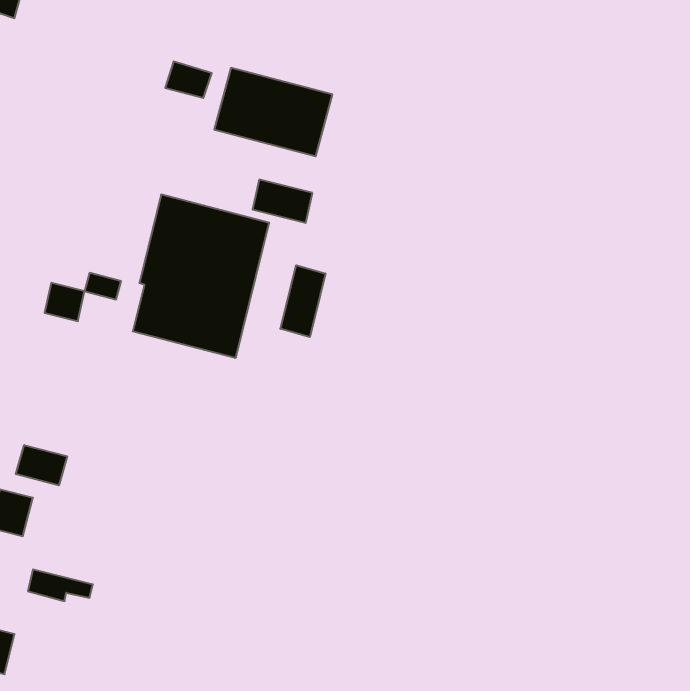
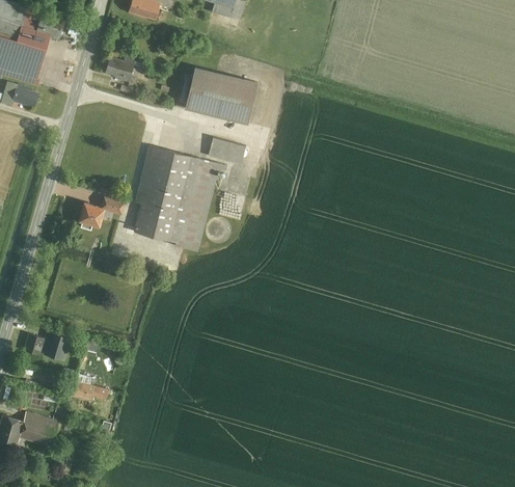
building: [165,61,212,98] -> [105,57,134,80]
building: [280,265,325,337] -> none
building: [16,445,67,485] -> none

